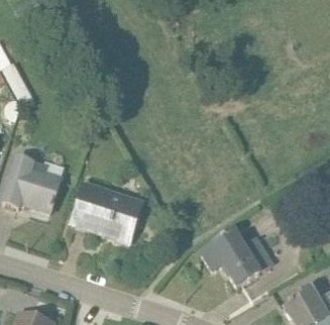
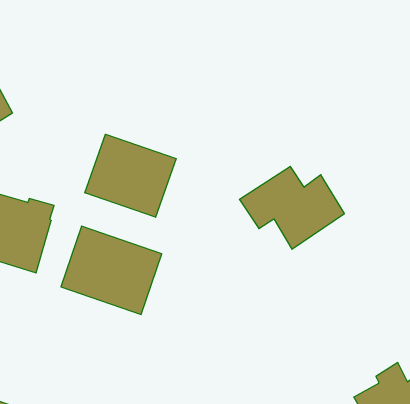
building: none -> [85,134,176,217]
building: [196,228,272,289] -> [239,166,344,249]

